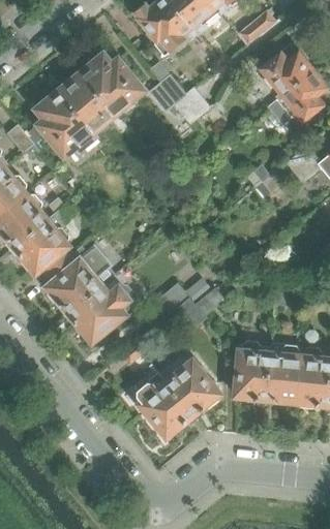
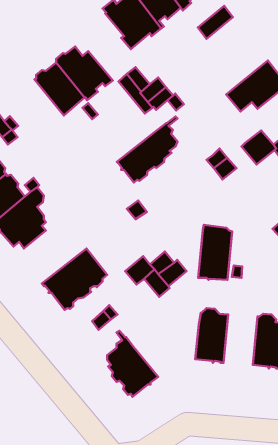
building: [259,42,313,96] -> none
building: [35,90,97,159] -> none
building: none -> [117,117,178,183]
building: [46,244,115,313] -> none
building: [265,342,302,402] -> [198,225,232,280]
building: [167,354,219,415] -> none

